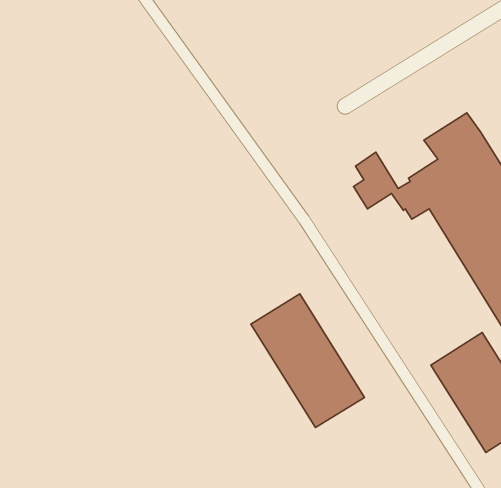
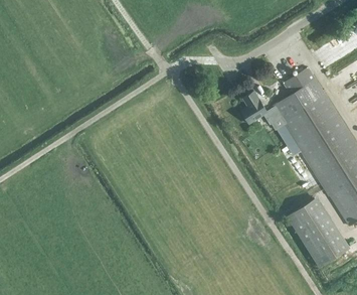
building: [251,294,365,428] -> none

